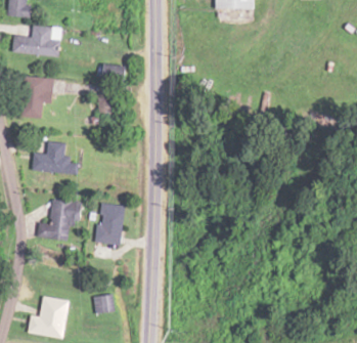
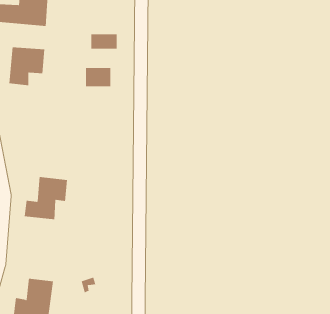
building: [31,141,77,175] -> none
building: [95,203,120,244] -> none

